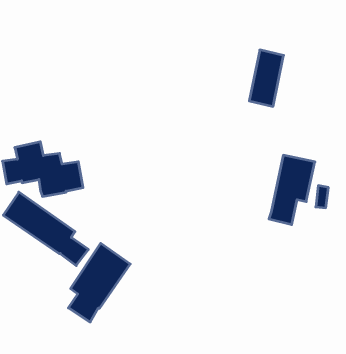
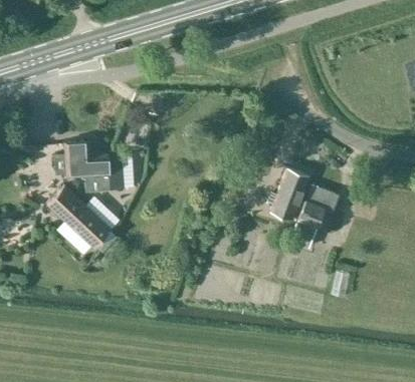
building: [249,50,284,106] -> [270,166,307,220]
building: [68,243,130,322] -> none

